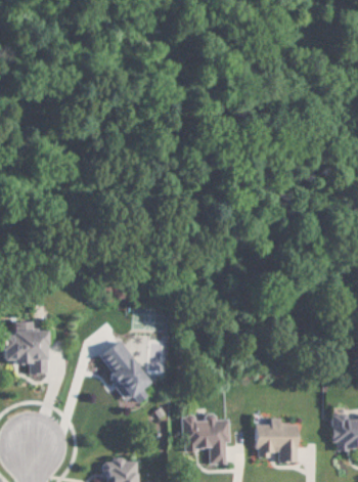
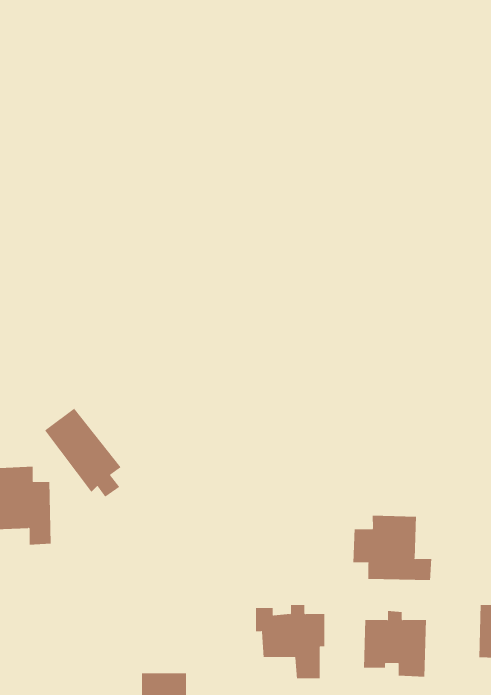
building: [96,341,148,401] -> [44,408,122,497]
building: none -> [353,515,432,581]

